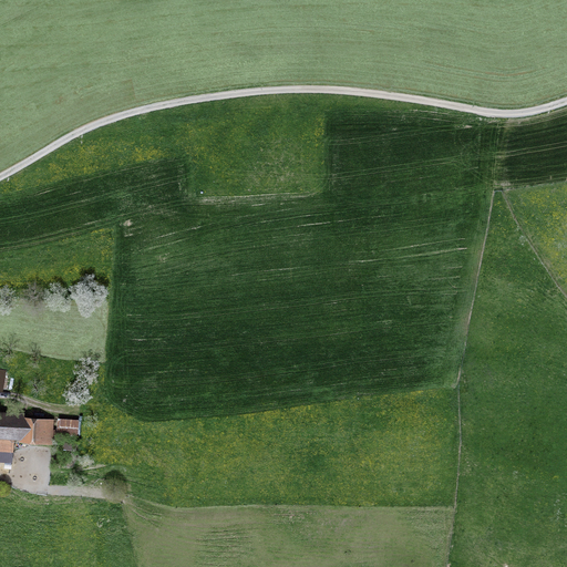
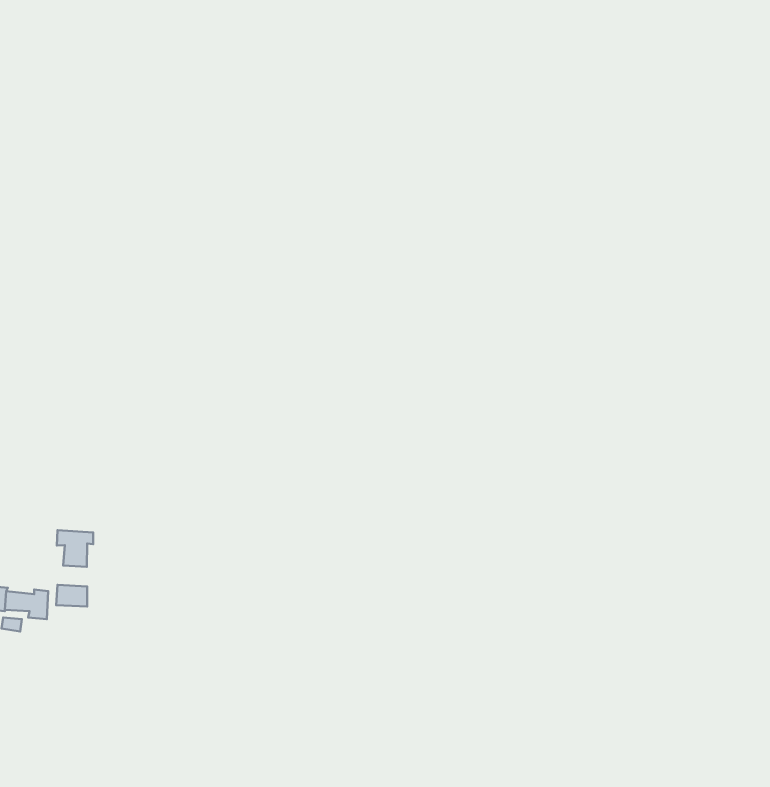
building: none -> [57,530,93,567]

